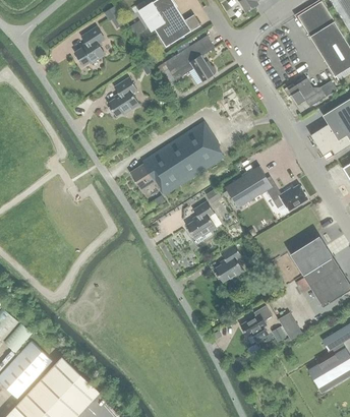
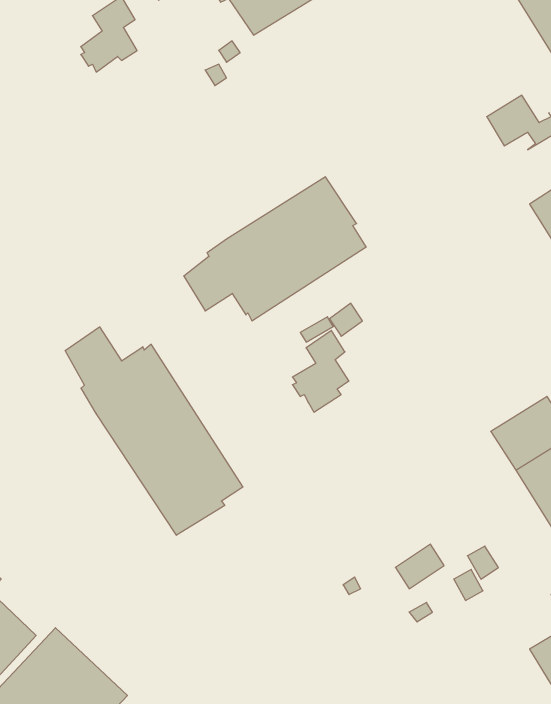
building: [164,36,216,81] -> none
building: [108,78,139,117] -> none
building: [225,166,307,211] -> none
building: none -> [65,327,243,535]
building: [214,245,244,283] -> none

